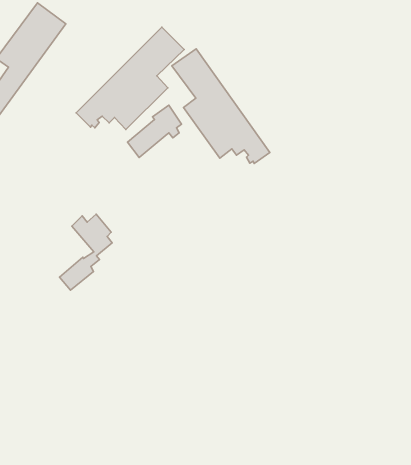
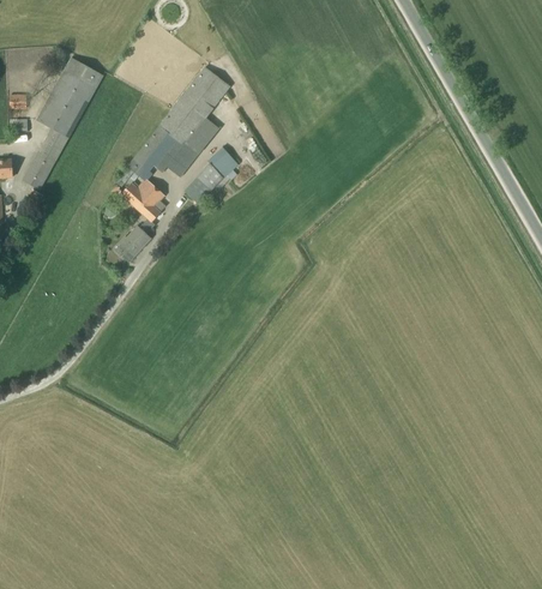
building: [172,49,270,164] -> none
building: [59,214,112,290] -> [115,179,165,262]

